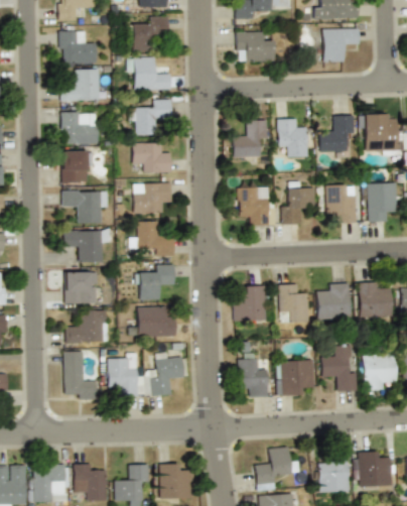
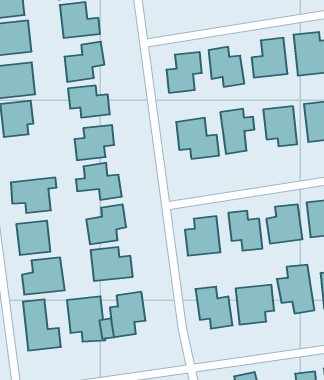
building: [63,191,109,223] -> none

